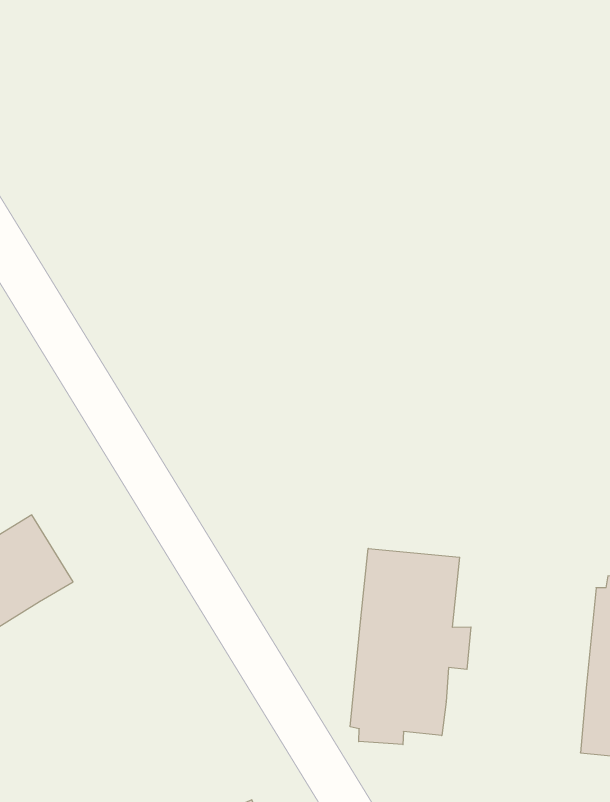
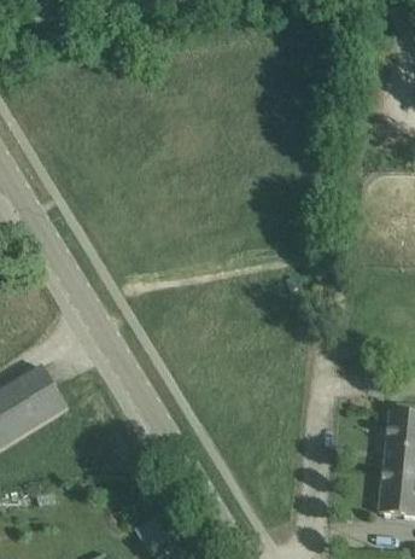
building: [350,548,471,745] -> none

